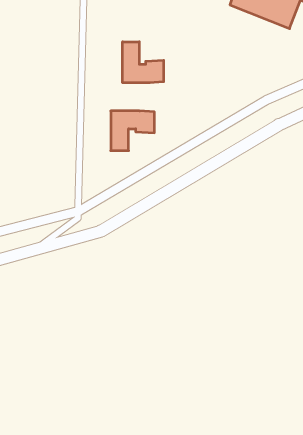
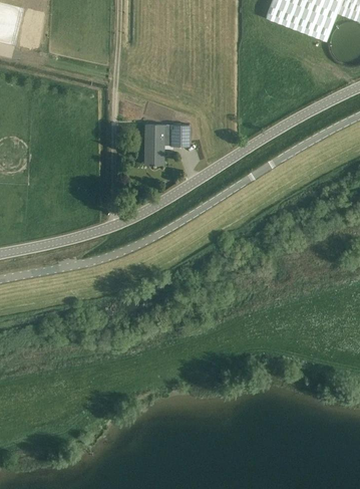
building: [123,42,164,83] -> none

